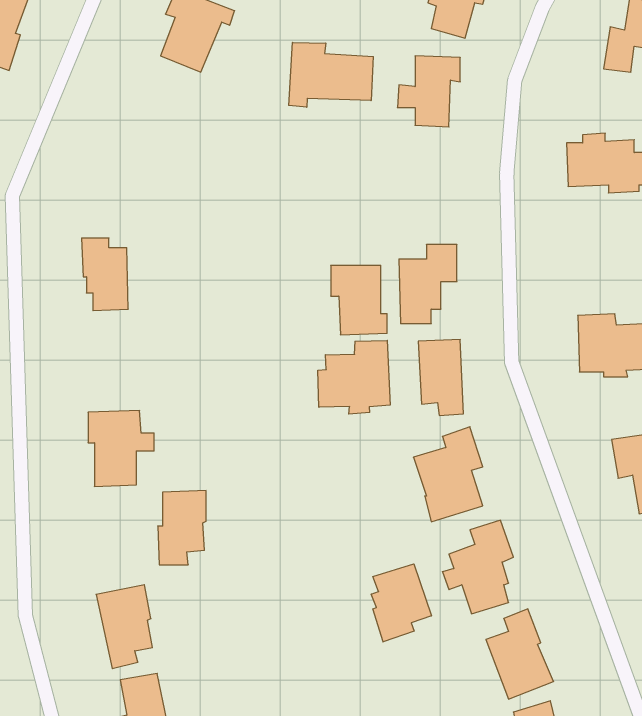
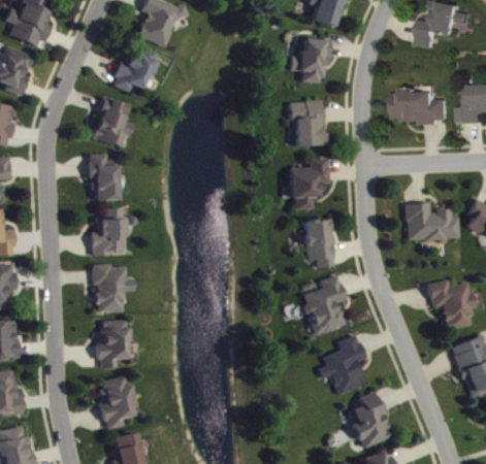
building: [289,42,373,107] -> none
building: none -> [115,45,160,92]
building: none -> [92,96,133,145]
building: [331,265,387,335] -> [291,101,327,145]
building: none -> [92,207,135,256]
building: [318,340,390,414] -> none
building: [158,491,206,565] -> [98,320,129,367]
building: [371,564,431,642] -> none

